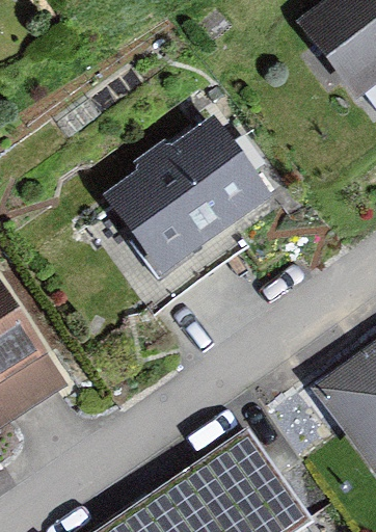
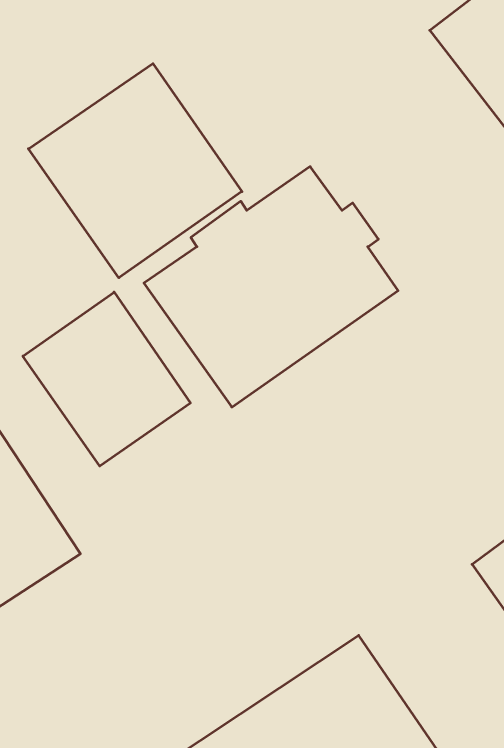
building: none -> [28,64,242,278]
building: none -> [23,292,190,466]

